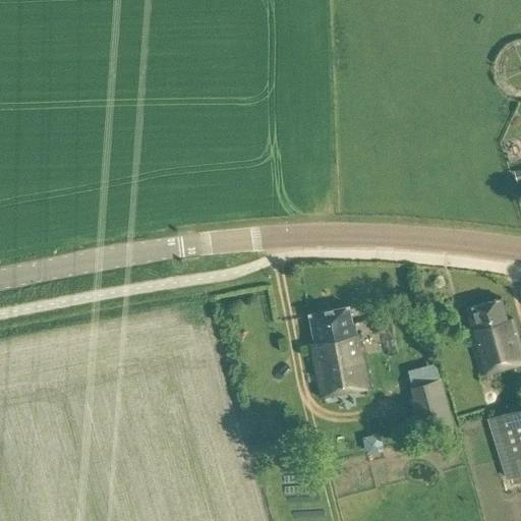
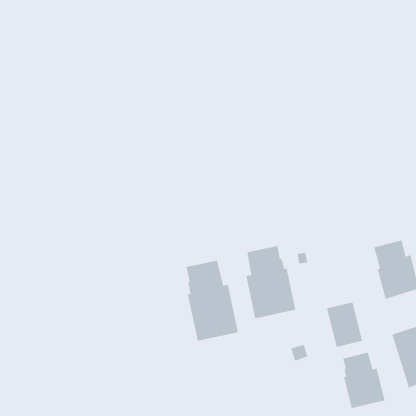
building: none -> [186,260,239,342]
building: none -> [343,352,385,409]

